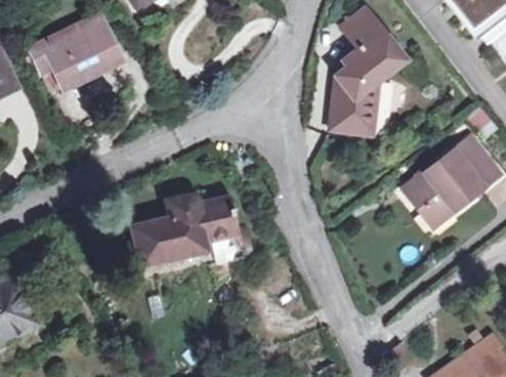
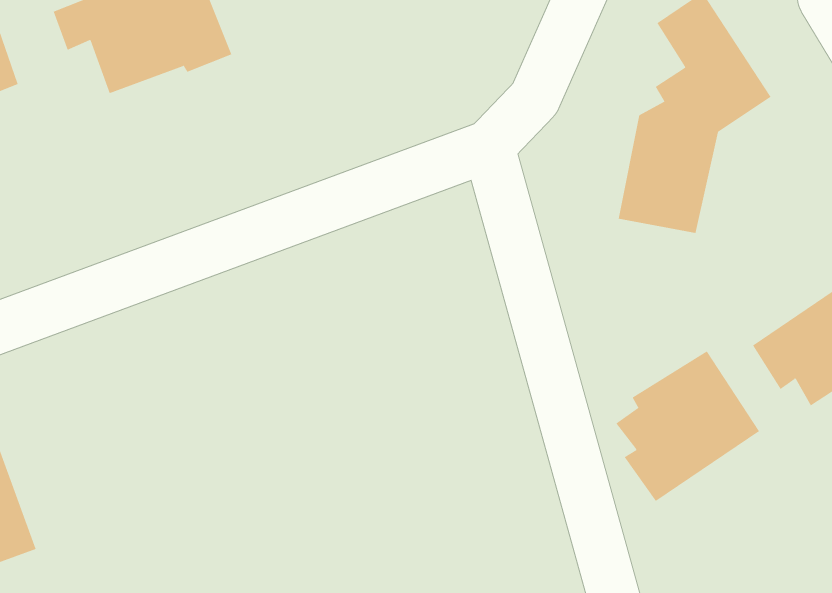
building: none -> [616,350,760,502]
building: [131,195,241,276] -> none

